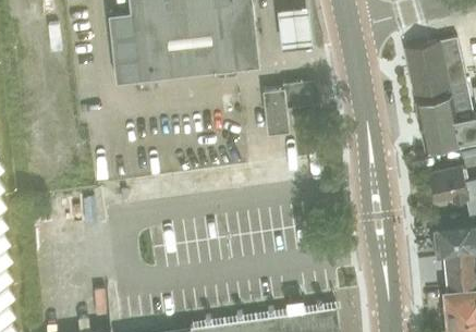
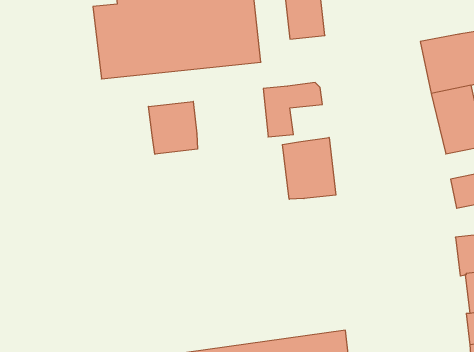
building: none -> [148,101,197,154]
building: none -> [282,137,336,199]

